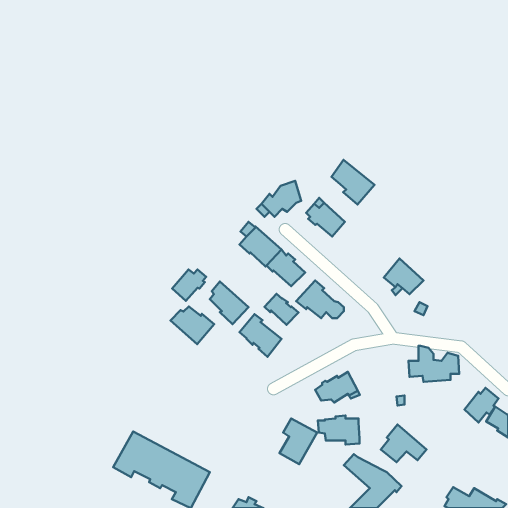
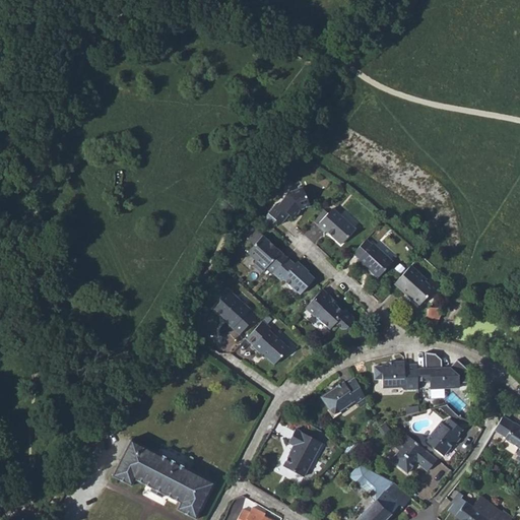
building: [332,160,375,205] -> none
building: none -> [352,240,390,275]
building: [172,269,206,301] -> none
building: [265,294,299,325] -> none
building: [170,306,214,344] -> none
building: [465,388,498,423] -> [428,417,462,453]
building: [318,416,360,444] -> [376,362,418,391]

